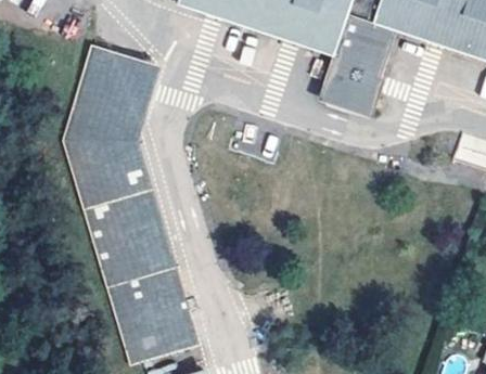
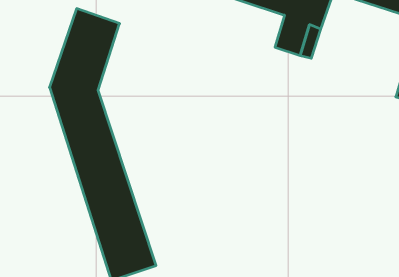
building: [117,65,195,345] -> none

